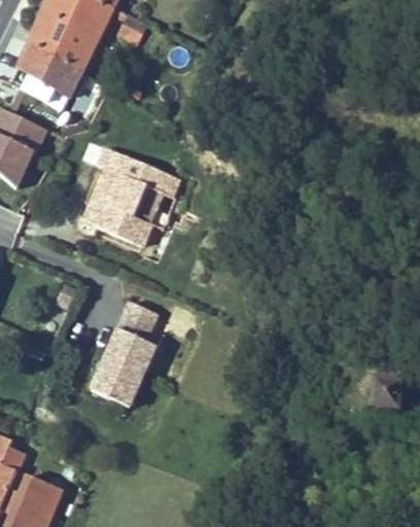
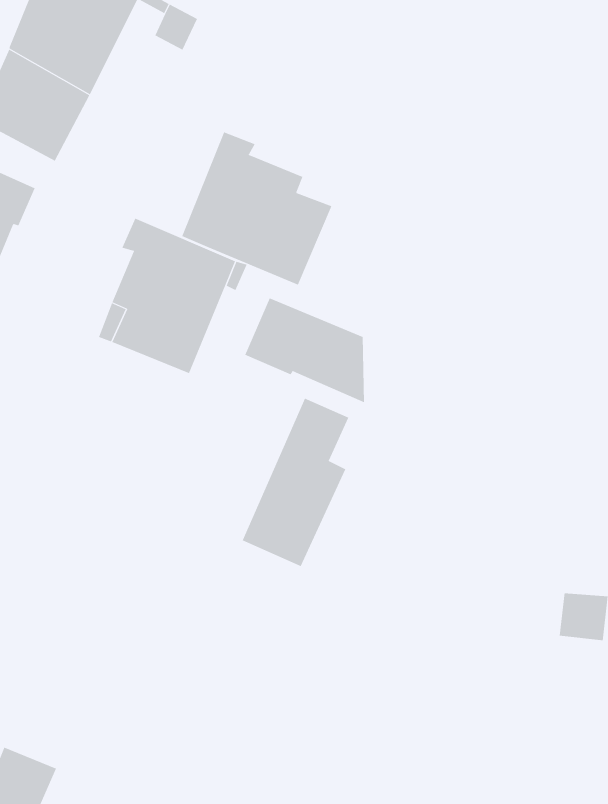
building: none -> [182,132,332,286]
building: none -> [245,297,364,403]
building: [94,301,161,406] -> [242,398,349,567]

